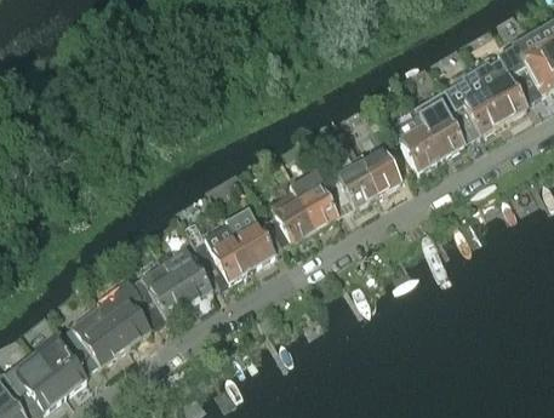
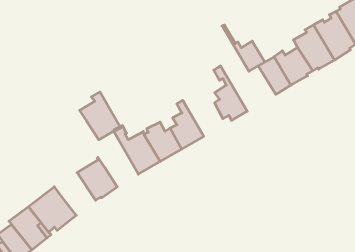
building: [338,127,400,194] -> [222,25,265,71]
building: [289,170,342,230] -> none
building: [161,234,219,303] -> [80,92,120,140]
building: [98,280,158,344] -> none

